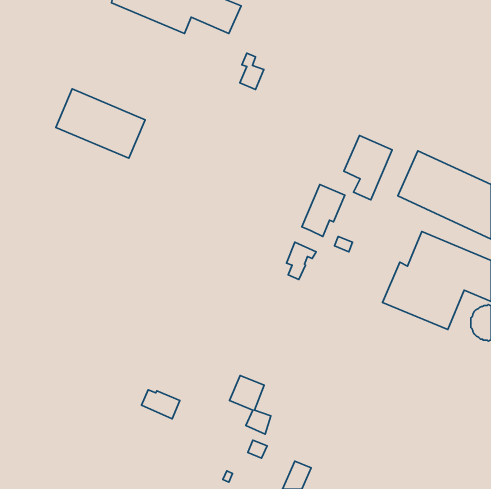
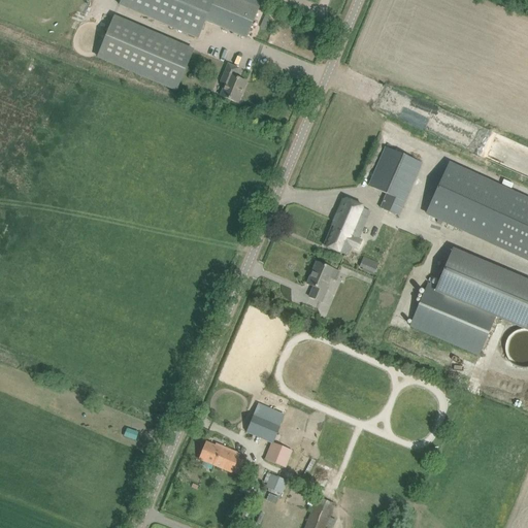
building: [240,53,264,90] -> [221,62,246,101]
building: [56,89,145,158] -> [97,14,193,89]
building: [142,390,180,419] -> [199,440,240,471]

